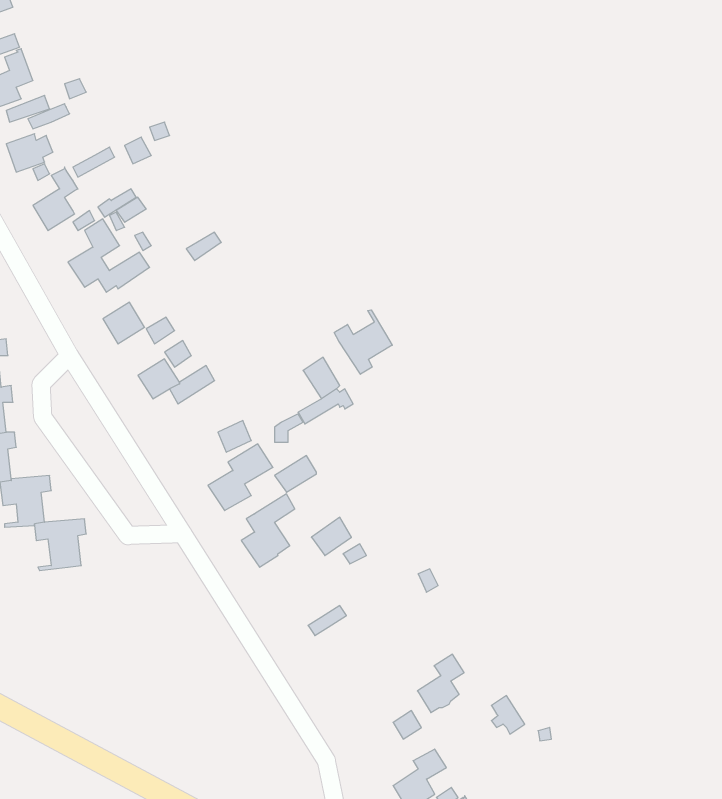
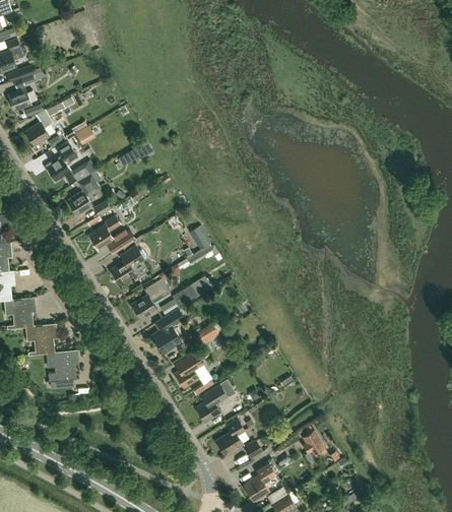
building: none -> [72,170,102,196]
building: [334,310,392,374] -> none
building: none -> [110,245,146,283]
building: none -> [46,349,78,381]
building: none -> [174,351,203,388]
building: none -> [196,384,228,423]
building: [417,654,464,713] -> [216,419,245,454]

